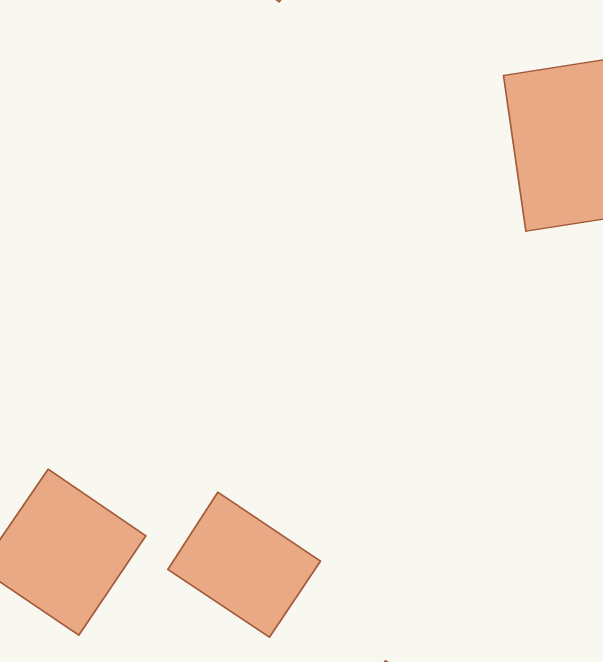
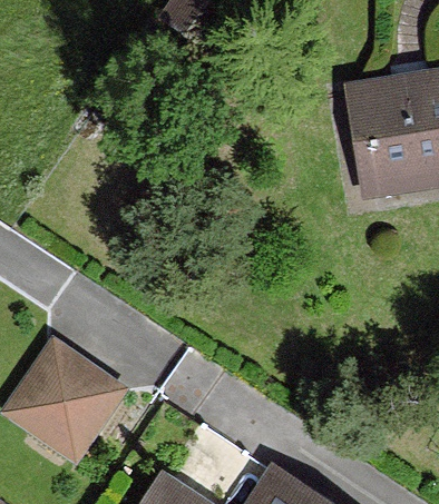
building: [168,492,321,637] -> none

